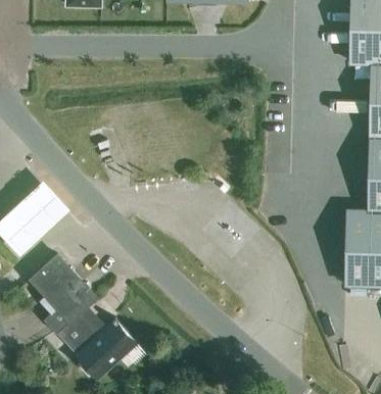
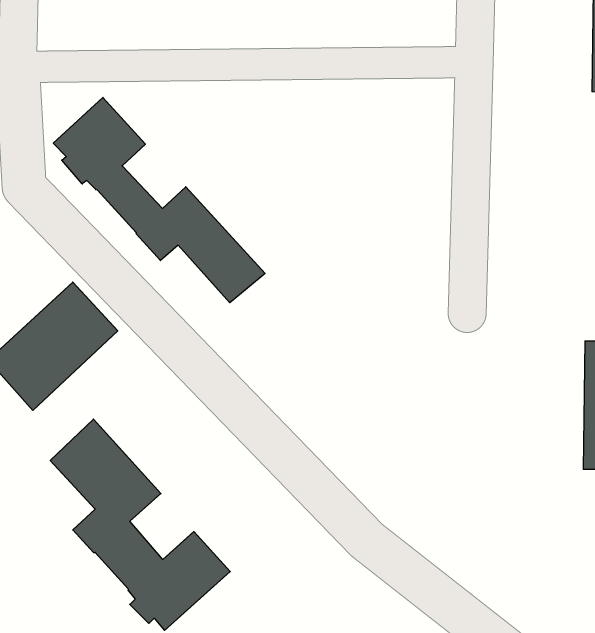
building: none -> [53,97,265,303]

